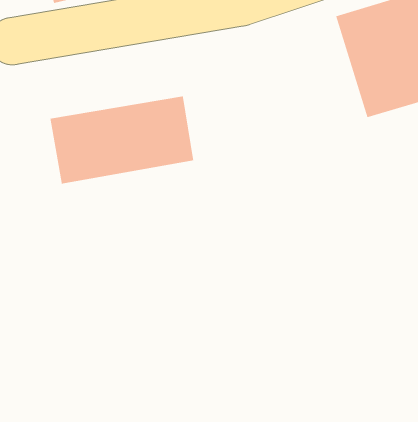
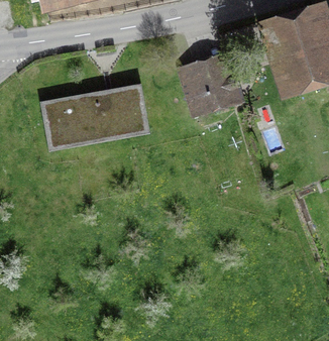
building: none -> [176,49,246,116]

